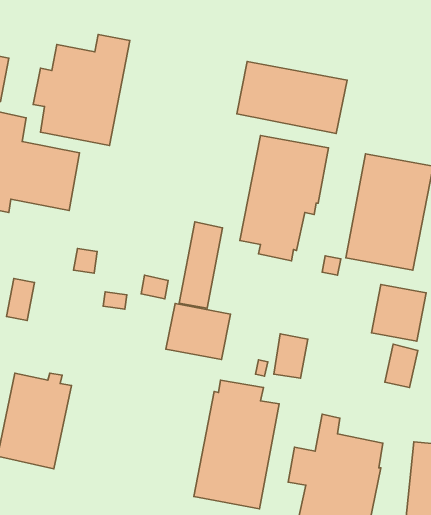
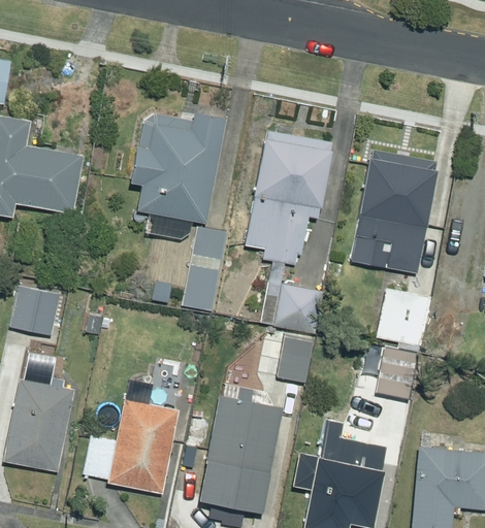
building: [33,34,130,145] -> [129,112,226,224]
building: [237,61,347,133] -> none
building: none -> [273,285,323,334]
building: [166,304,231,360] -> none
building: none -> [106,399,179,495]

